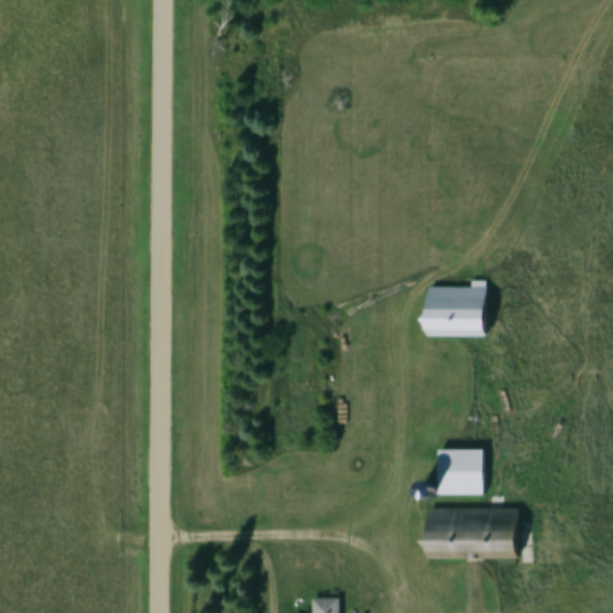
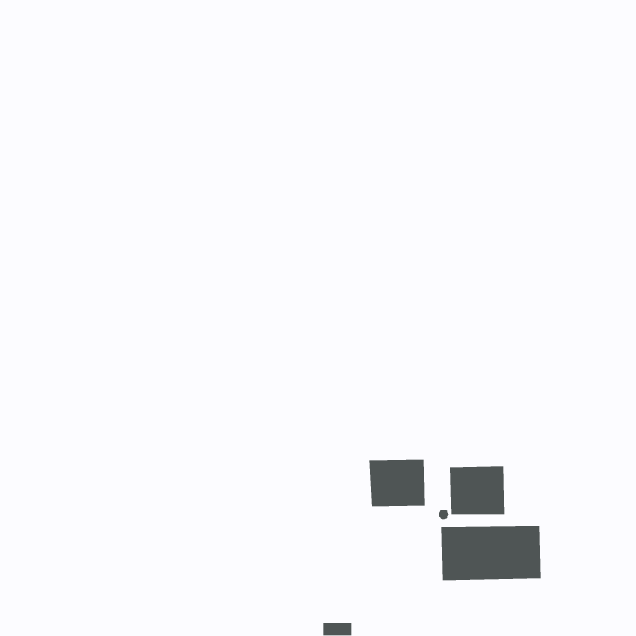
building: [423,286,485,336] -> none
building: none -> [369,459,426,507]

